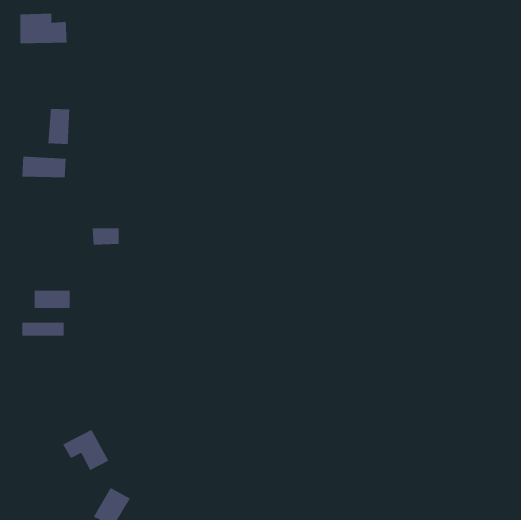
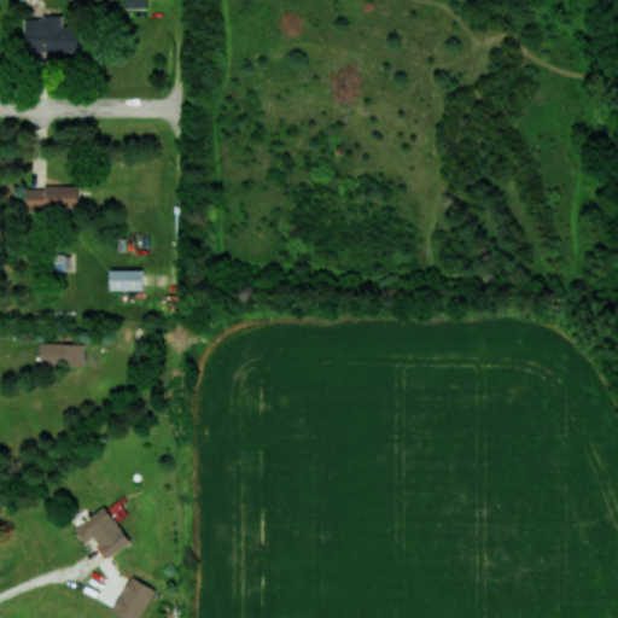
building: [48,108,70,145] -> none
building: [22,322,64,337] -> none

